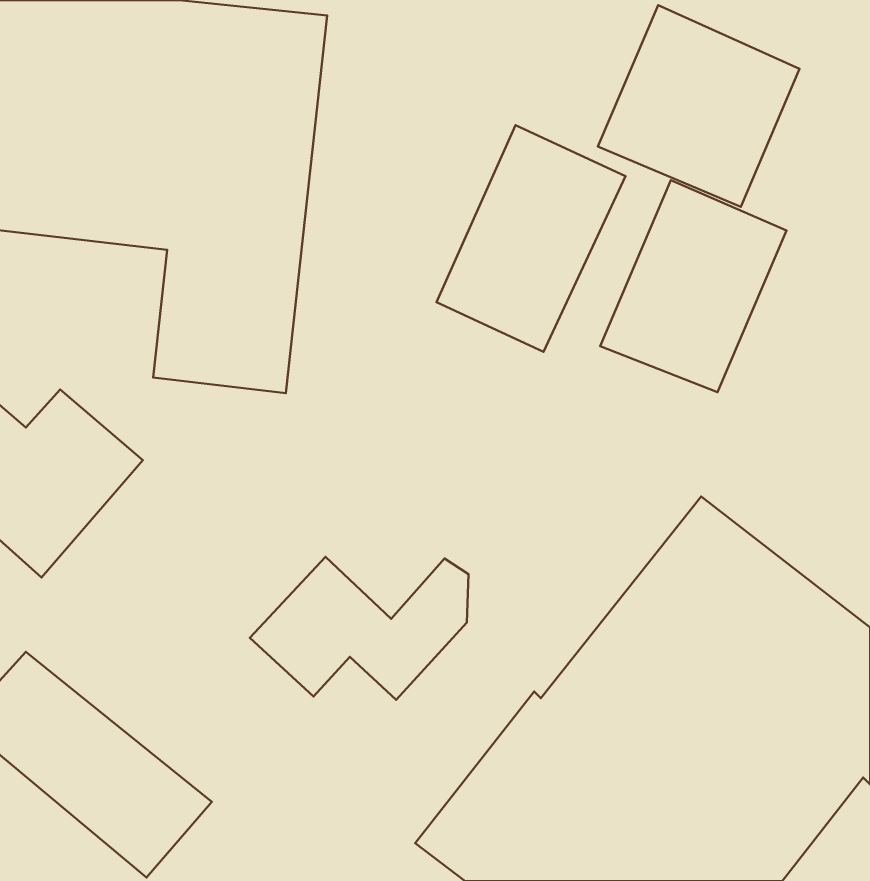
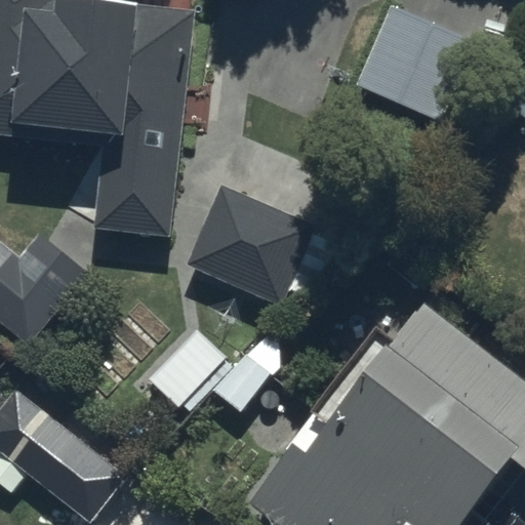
building: [436,125,626,352] -> none
building: [600,180,787,392] -> none
building: none -> [183,187,340,312]

